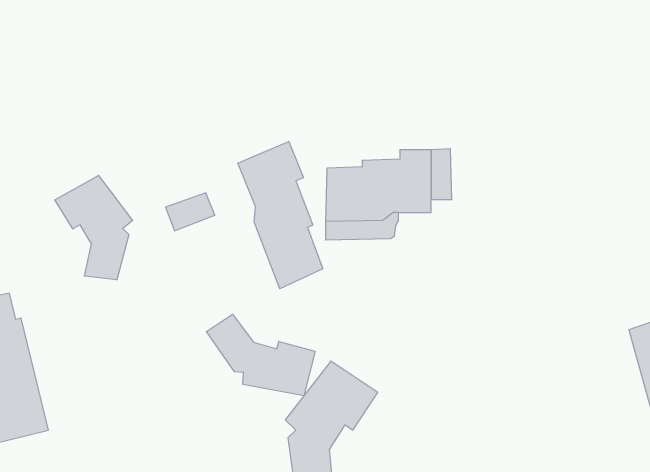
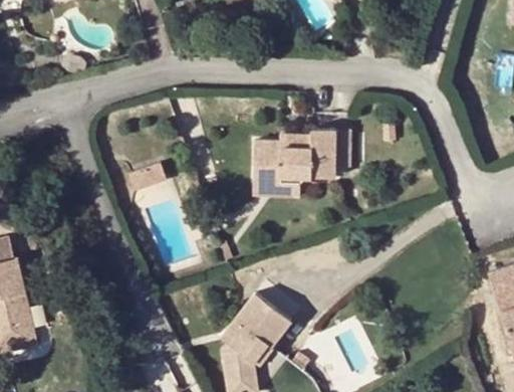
building: [238,141,323,289] -> none
building: [55,175,133,280] -> none
building: [206,314,315,396] -> none

